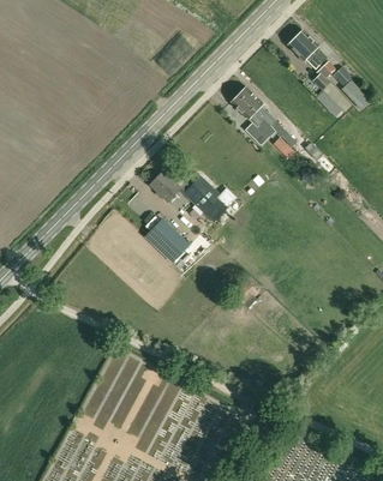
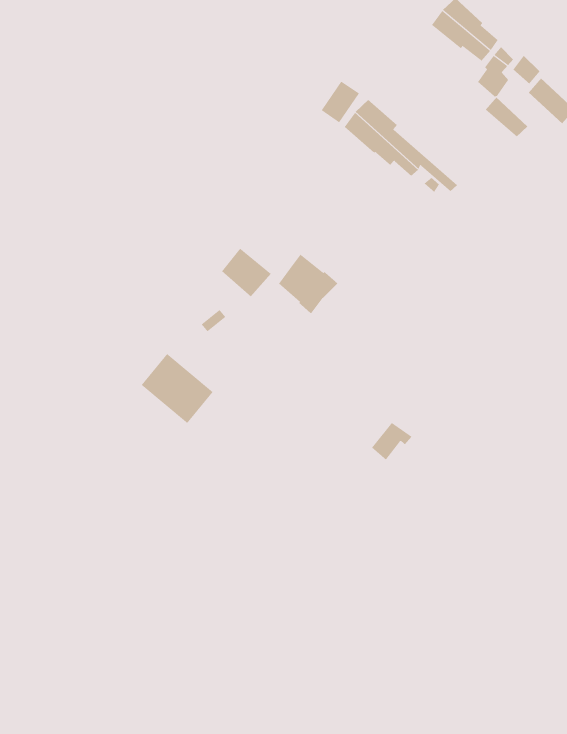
building: [145,218,188,261] -> [141,353,214,424]

